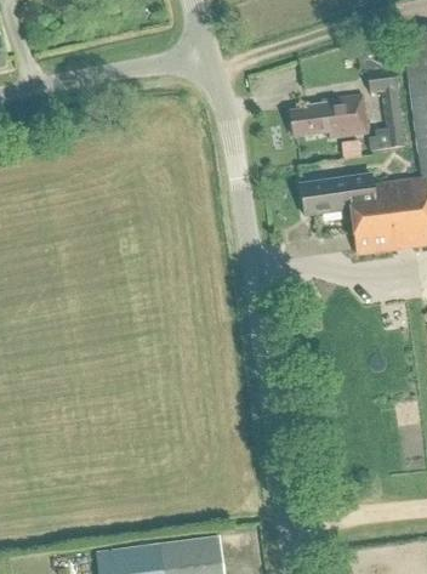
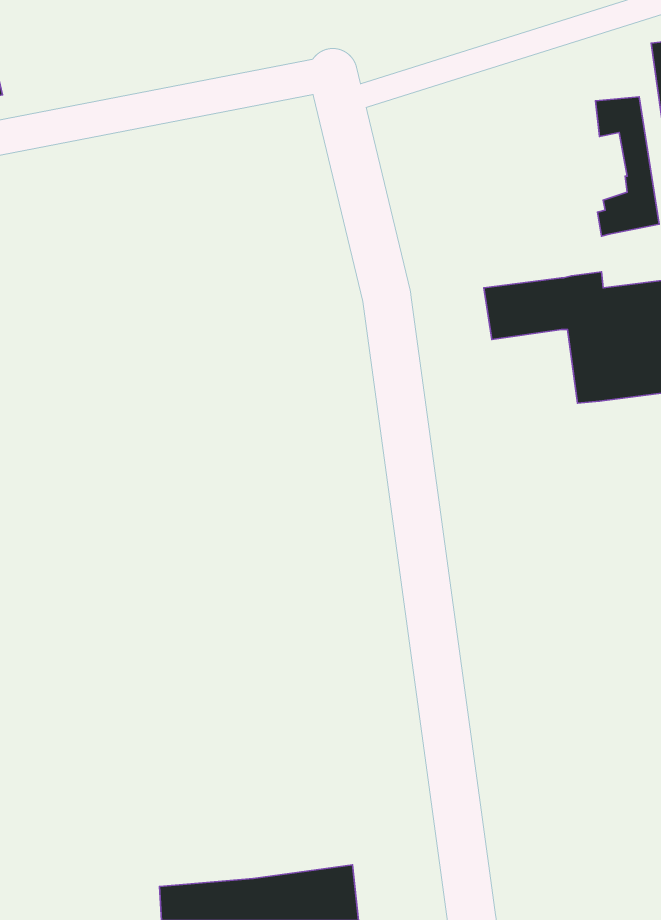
building: [290,95,369,137] -> none

